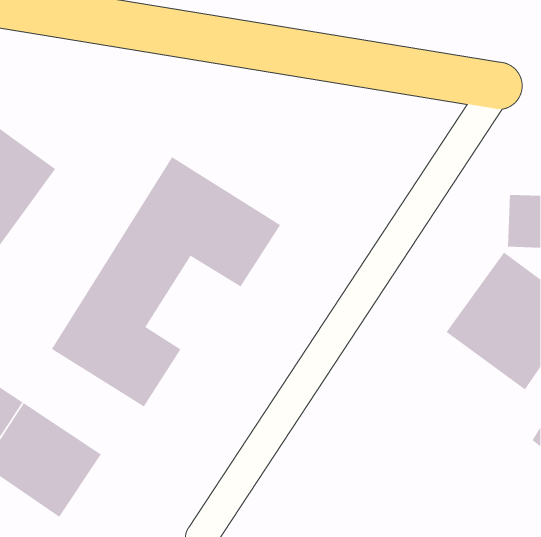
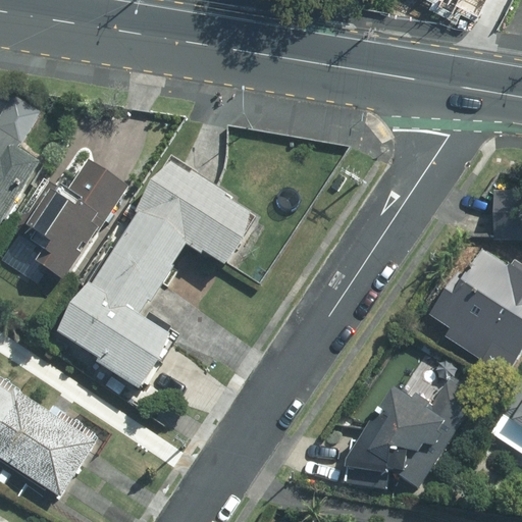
building: none -> [16,156,130,284]
building: none -> [340,369,486,491]

